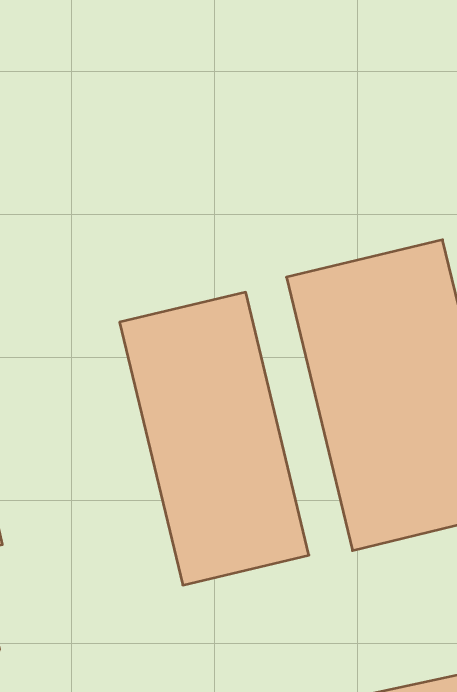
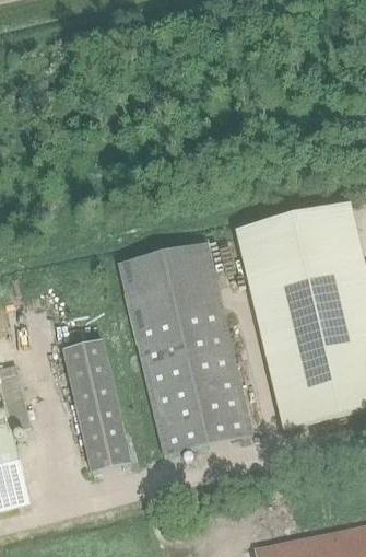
building: none -> [63,341,132,474]

